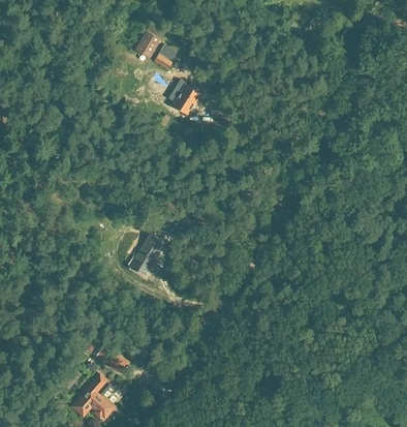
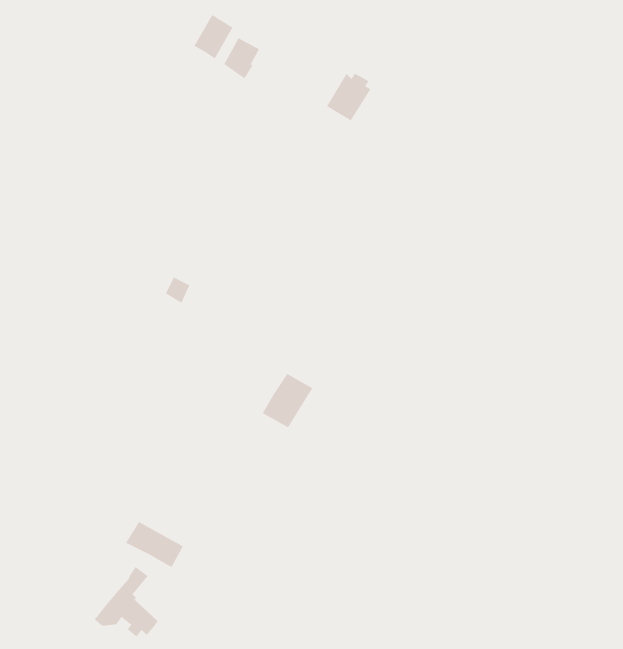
building: [173,84,200,114] -> [326,73,371,121]
building: [133,234,165,268] -> [262,373,313,428]

